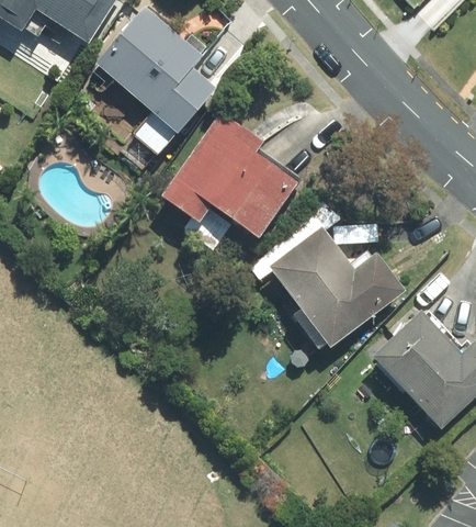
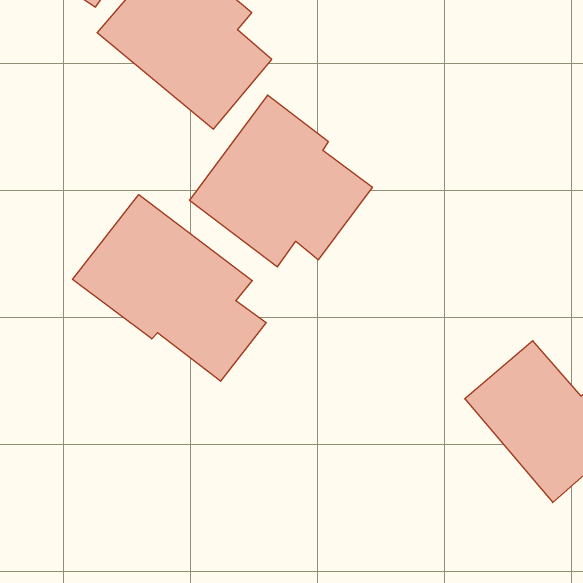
building: none -> [73,195,266,381]
building: [264,226,408,348] -> none

